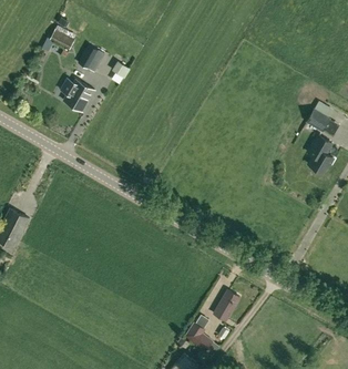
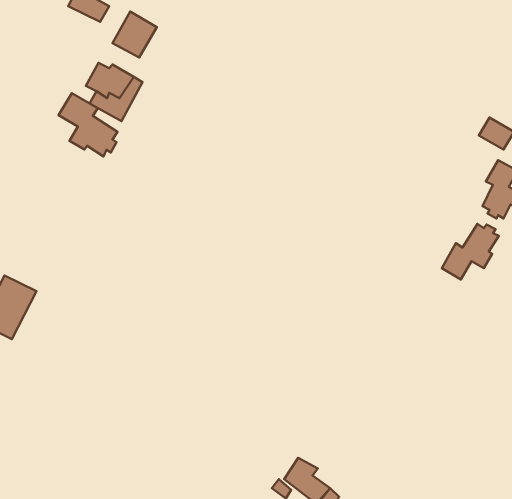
building: none -> [58,93,117,156]
building: none -> [442,224,499,280]
building: [213,288,242,321] -> none

